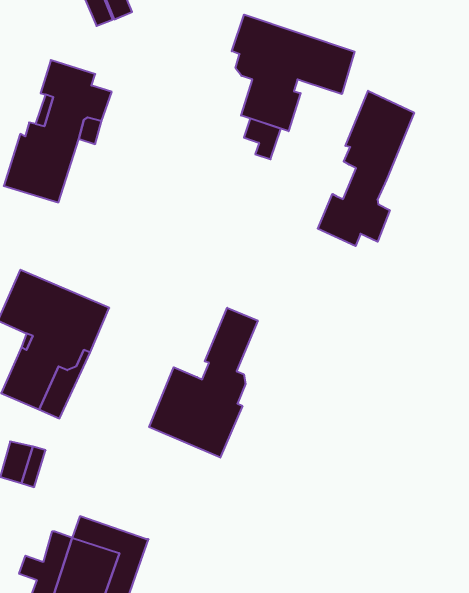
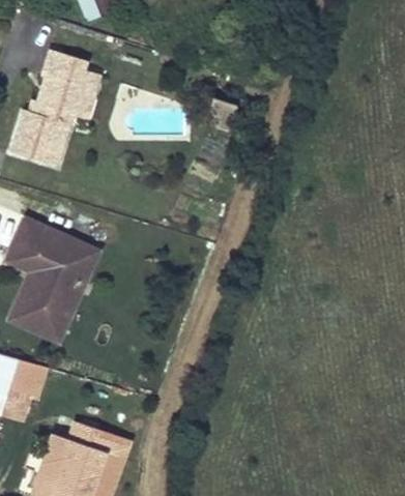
building: [232,15,355,131] -> none
building: [318,91,414,246] -> none
building: [149,308,258,458] -> none

